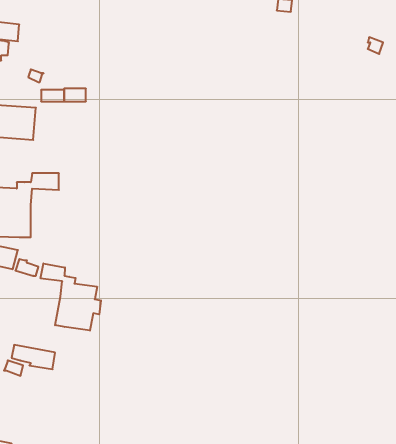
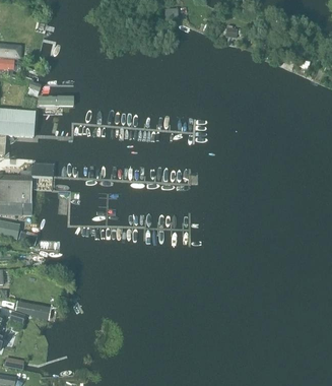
building: [41,263,101,331] -> none

